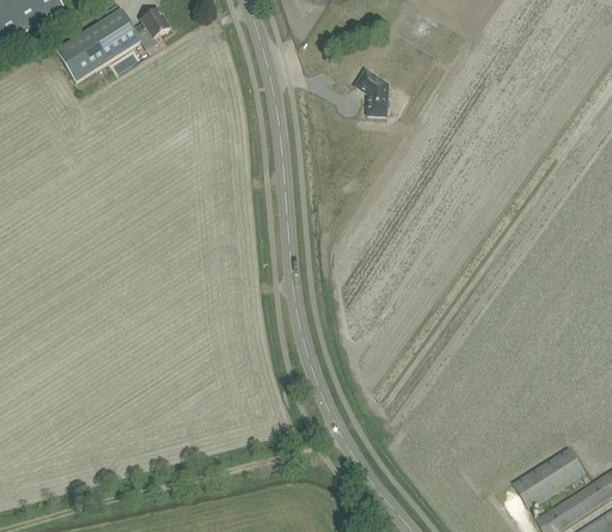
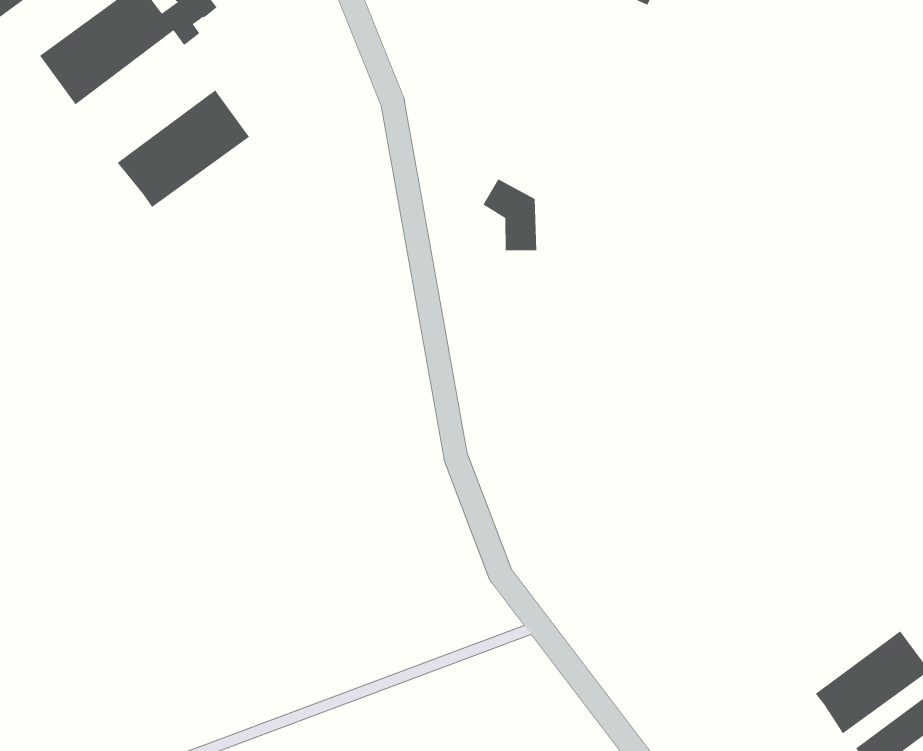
building: [354,69,387,116] -> [482,179,537,251]
building: none -> [117,90,250,208]

